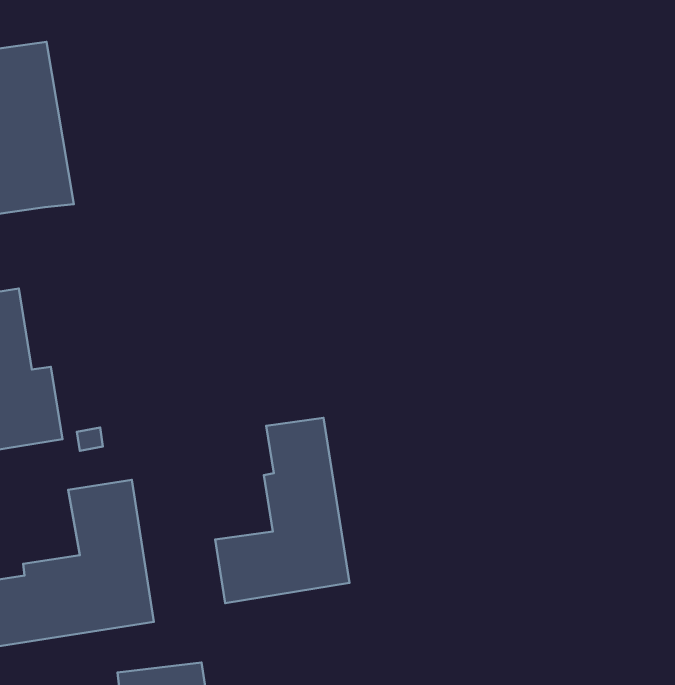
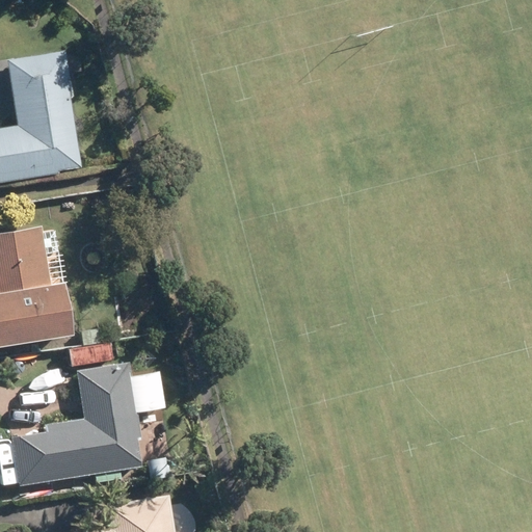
building: [215,418,350,603] -> none

